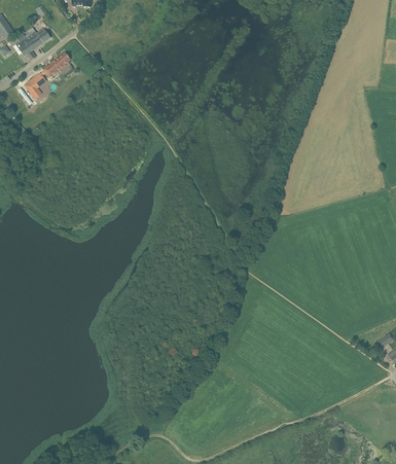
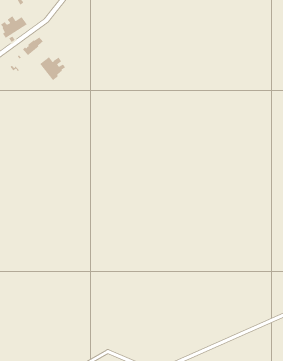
building: none -> [39,56,66,81]

